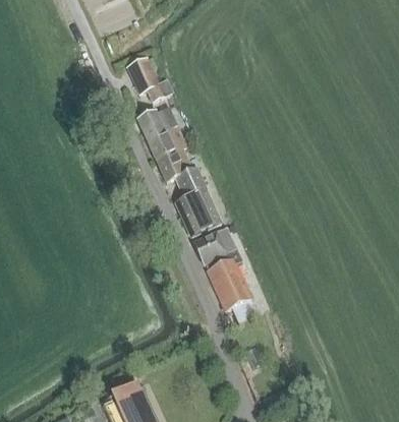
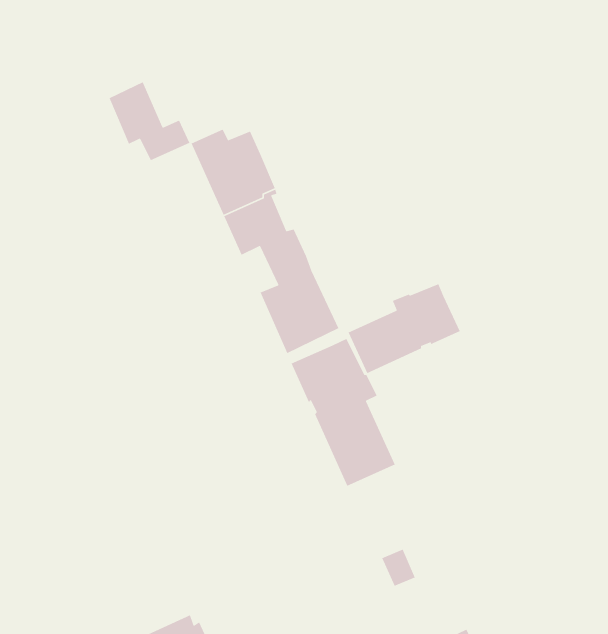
building: [127,56,173,101] -> [109,81,190,161]
building: none -> [347,283,461,374]

